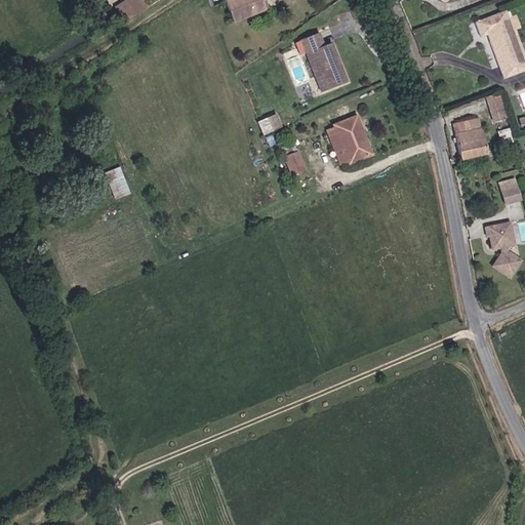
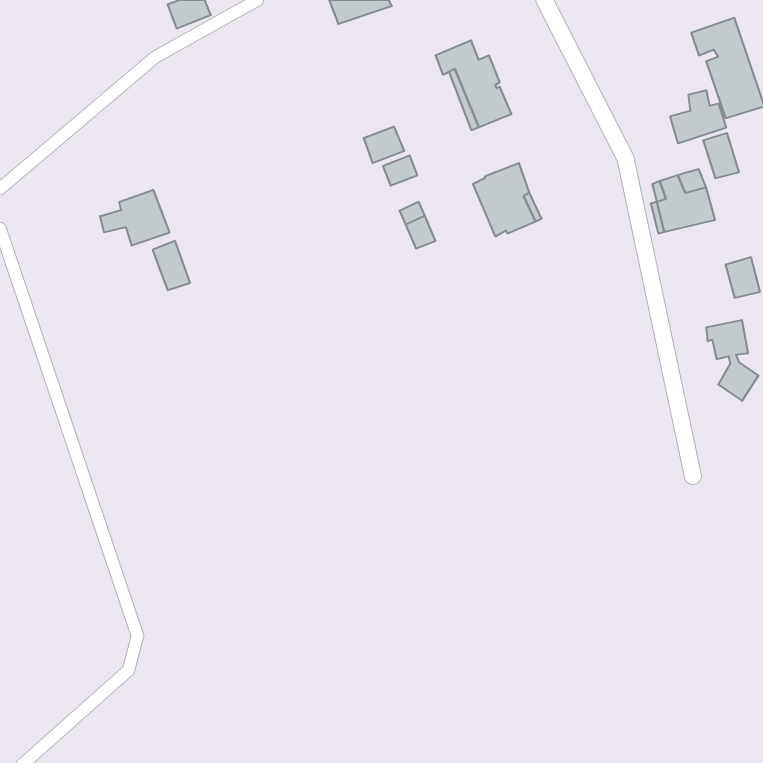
building: none -> [670,90,726,143]
building: none -> [364,126,404,163]
building: none -> [100,190,169,246]

